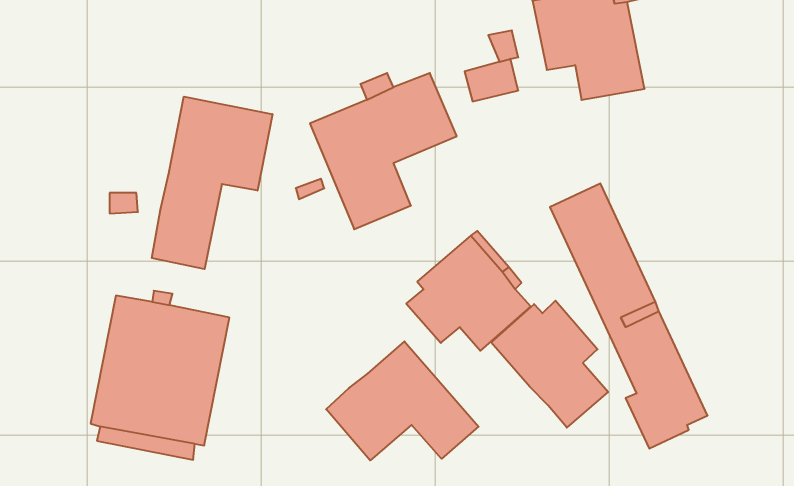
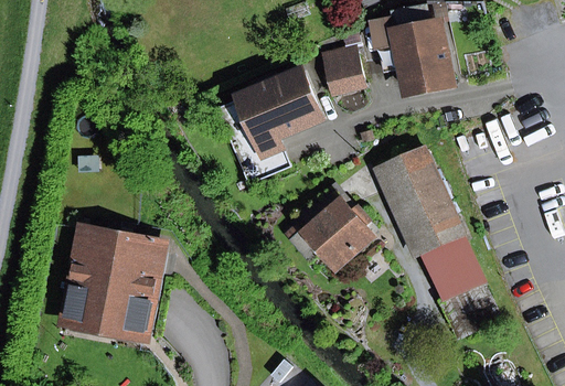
building: [152,97,272,269] -> none
building: [491,301,608,428] -> none
building: [326,341,479,460] -> none

